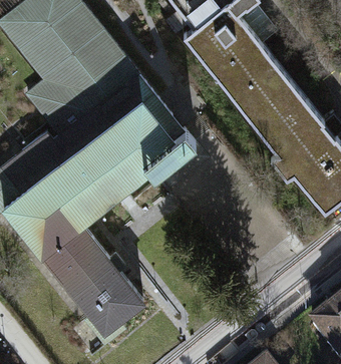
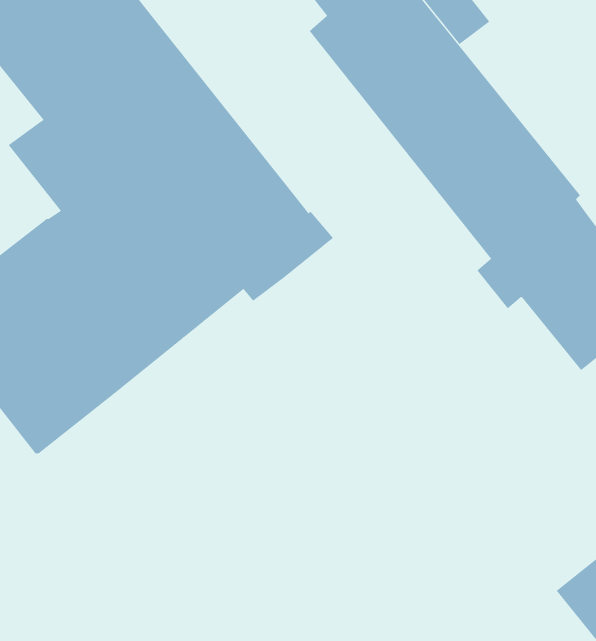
building: [42,225,142,343] -> none

